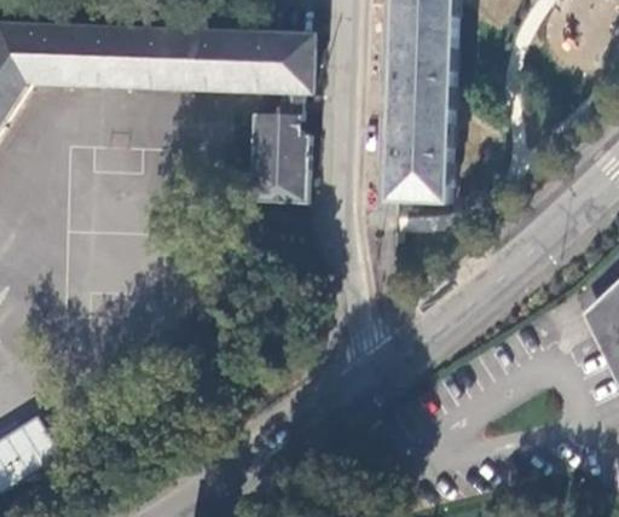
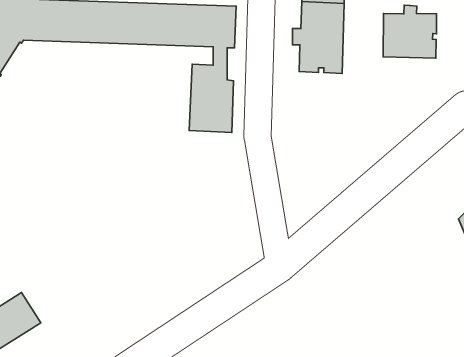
building: none -> [383,5,437,58]
building: [382,118,450,204] -> none

